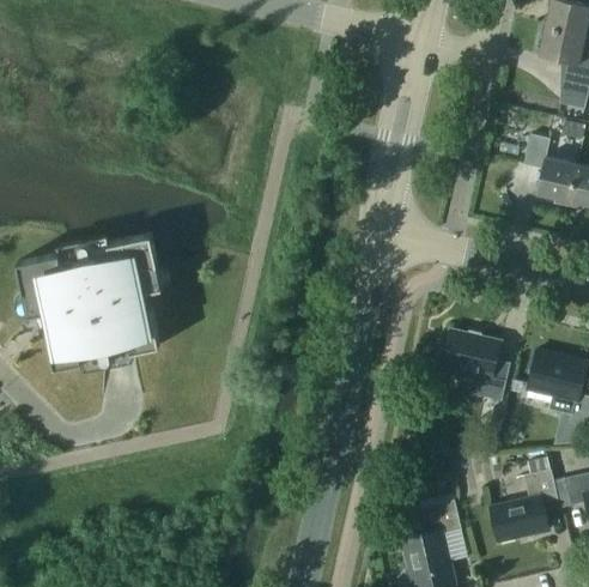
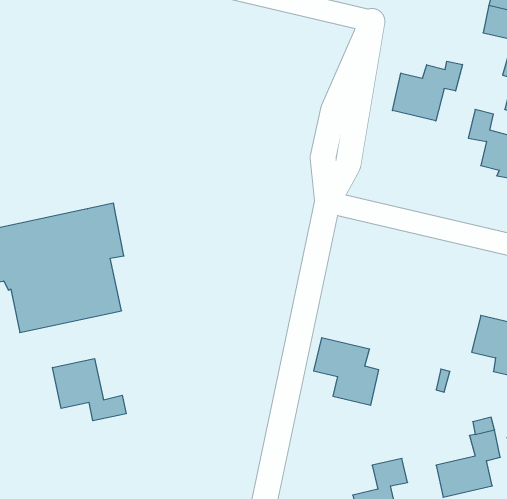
building: none -> [392,61,462,121]
building: [442,329,510,400] -> [314,338,379,405]
building: none -> [52,359,126,421]

